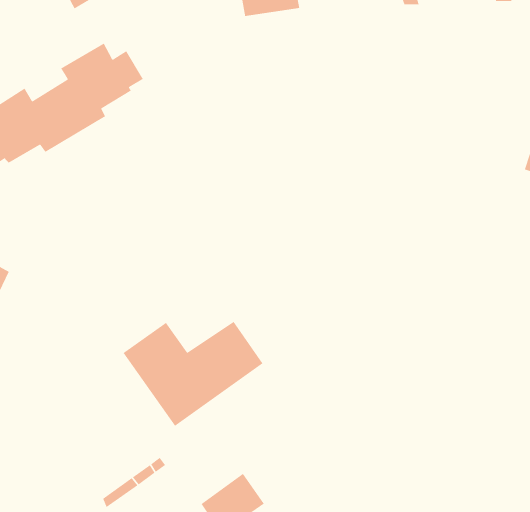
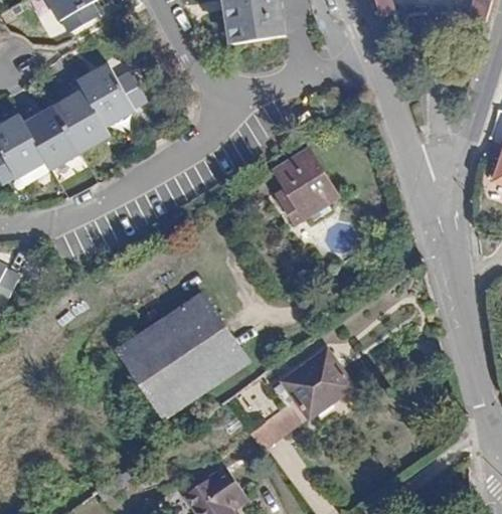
building: none -> [273,151,337,223]
building: none -> [158,295,221,353]
building: none -> [253,346,356,450]

